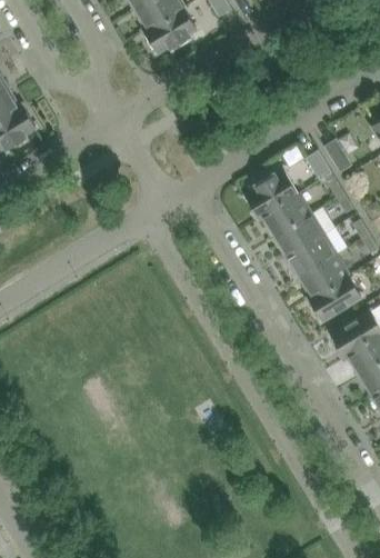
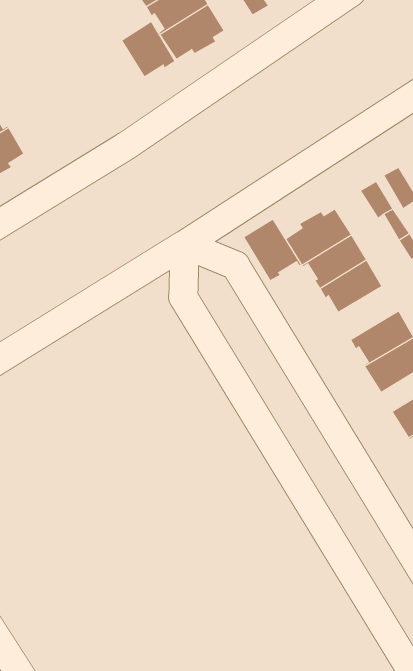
building: none -> [121,21,175,77]
building: none -> [244,219,301,281]
building: [287,235,336,278] -> none

